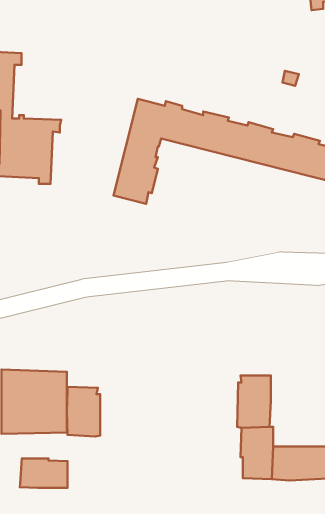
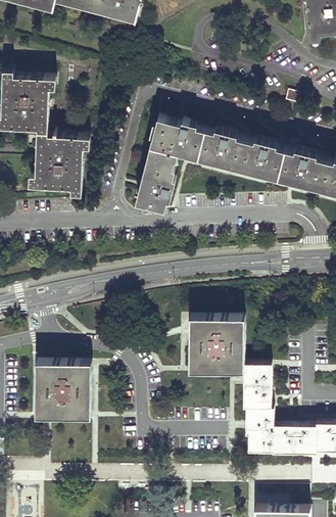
building: none -> [191,313,246,369]
building: [67,387,100,437] -> none
building: [20,459,68,488] -> none

